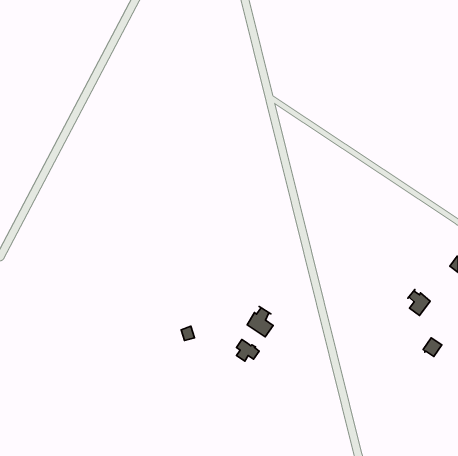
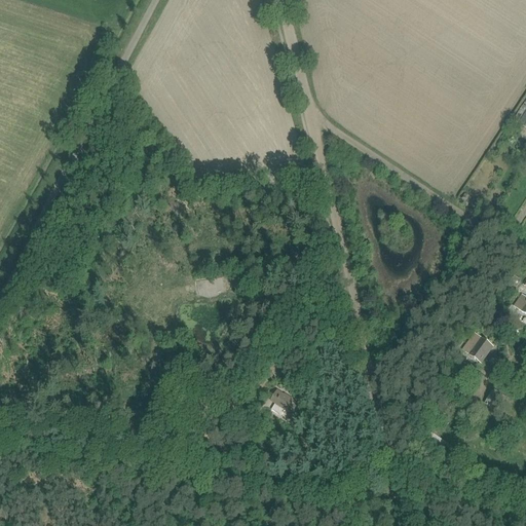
building: [247,306,273,337] -> none

